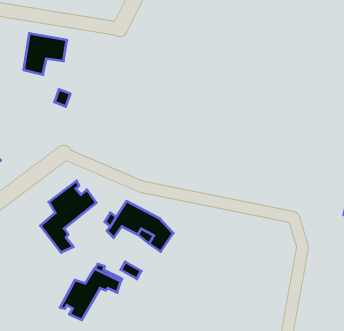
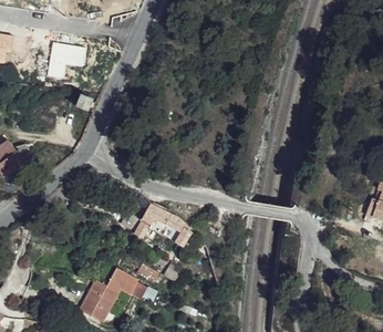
building: [40,181,96,253] -> none

